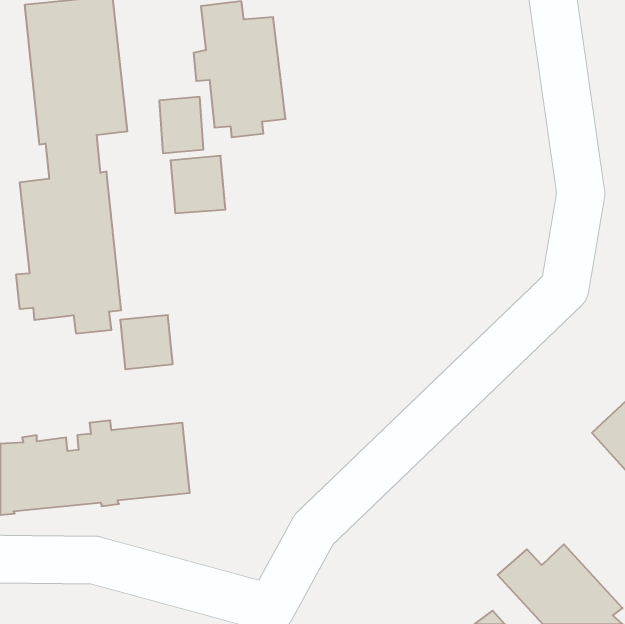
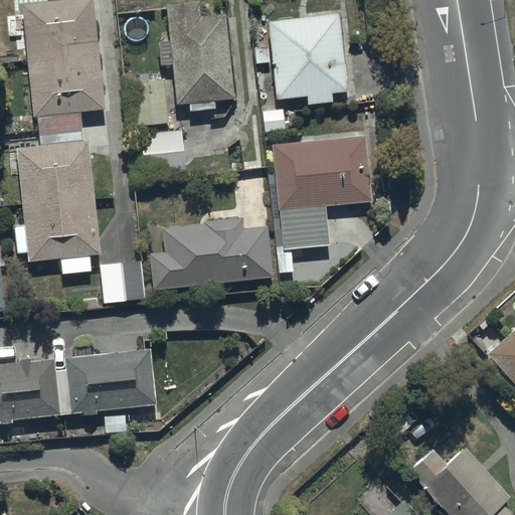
building: none -> [255,12,350,105]
building: none -> [268,136,372,261]
building: none -> [149,216,274,289]

